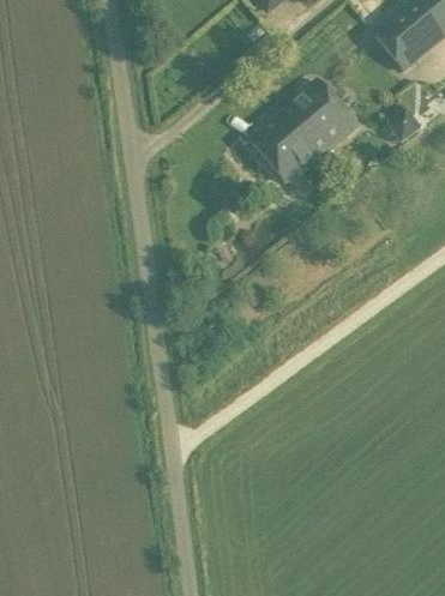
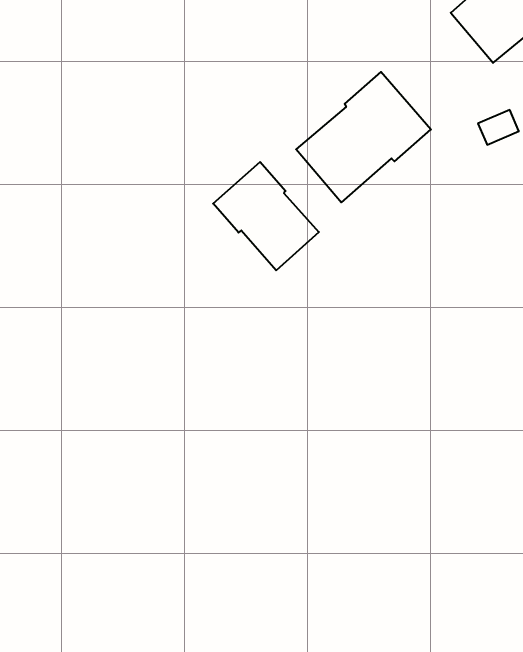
building: none -> [213,162,319,270]

